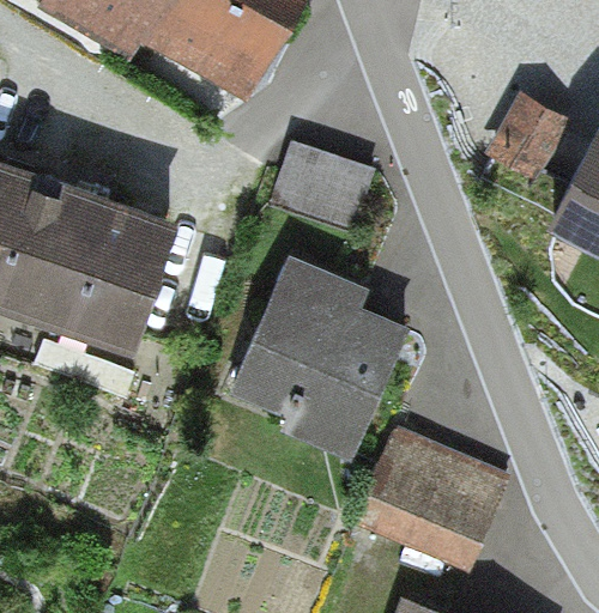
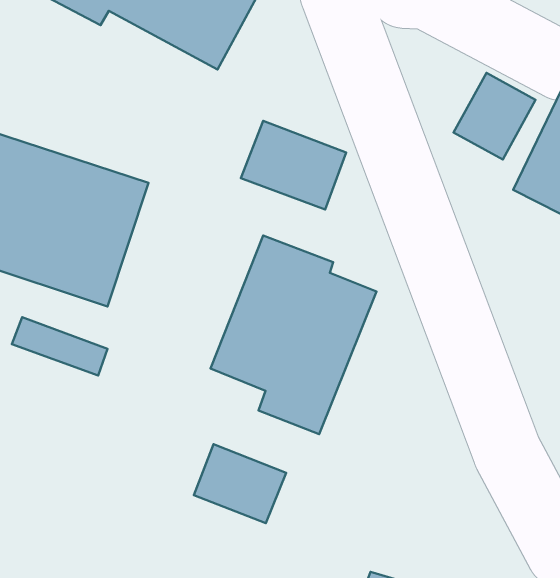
building: [356,430,510,573] -> none
building: none -> [194,444,286,523]

